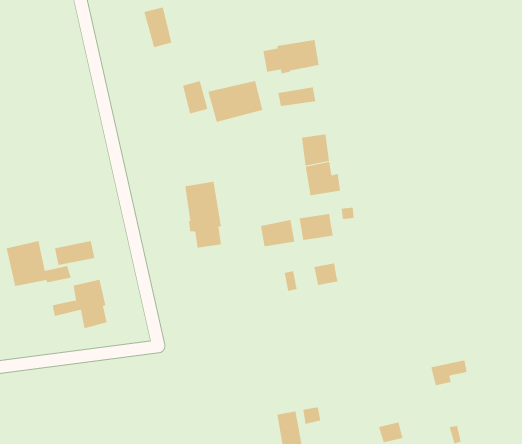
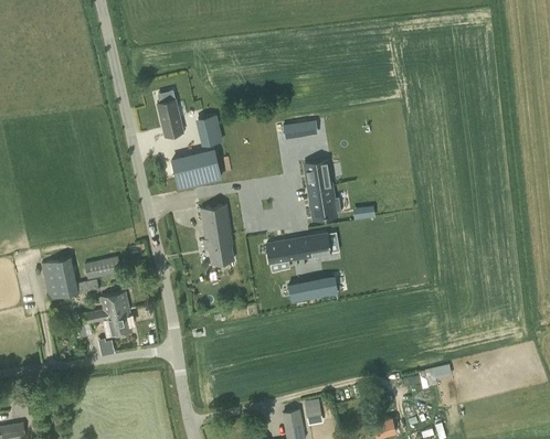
building: [144,7,172,48] -> [157,99,182,136]
building: [263,39,319,74] -> none
building: [207,80,263,123] -> [162,152,212,190]

